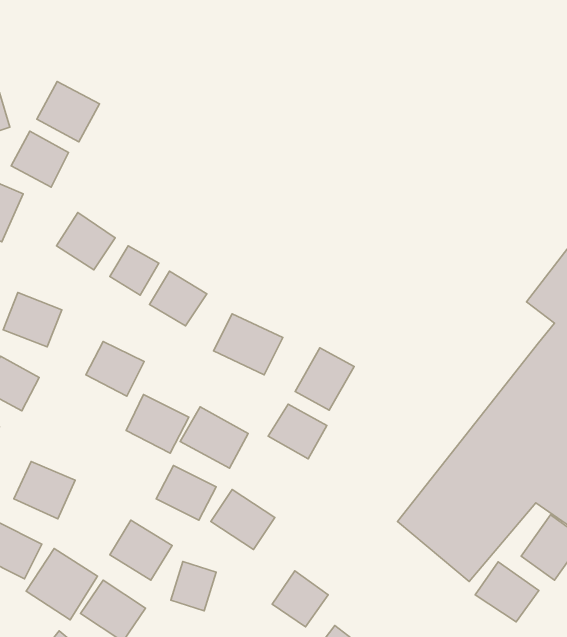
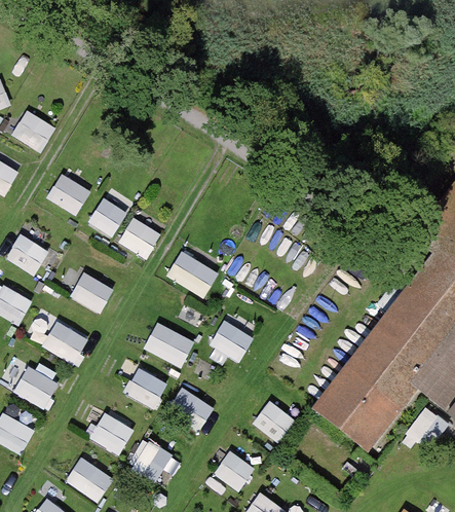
building: [37,81,99,142] -> none
building: [295,348,354,410] -> none
building: [126,395,189,453] -> [42,321,90,366]
building: none -> [252,400,296,444]
building: [26,549,98,620] -> none
building: [475,562,539,622] -> none

